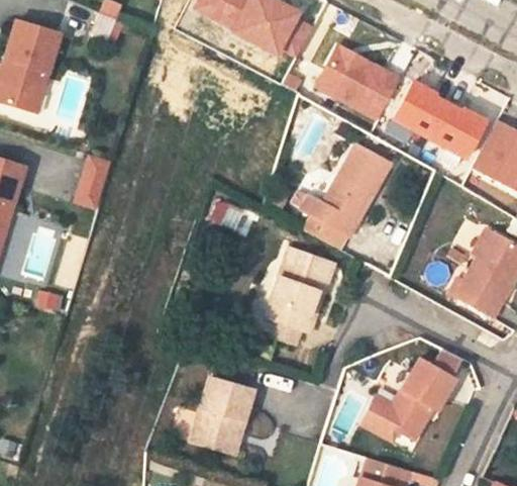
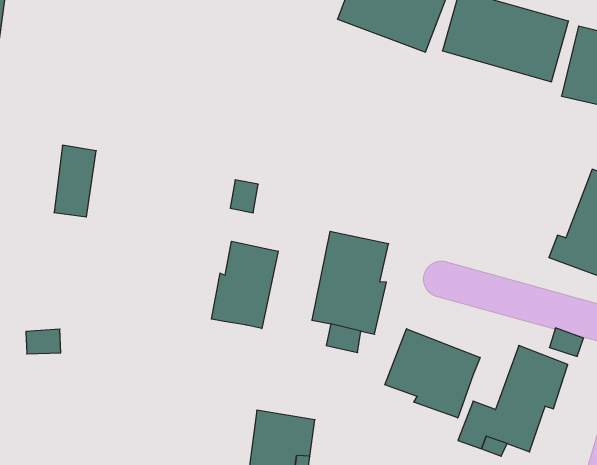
building: [294,147,387,240] -> none
building: none -> [211,241,278,329]
building: none -> [385,329,480,418]

